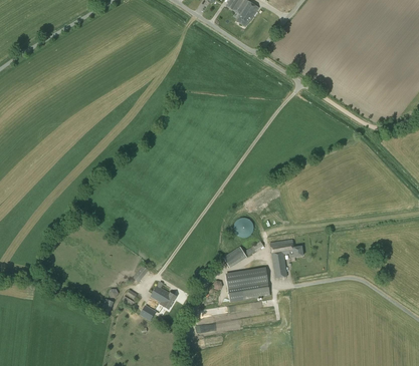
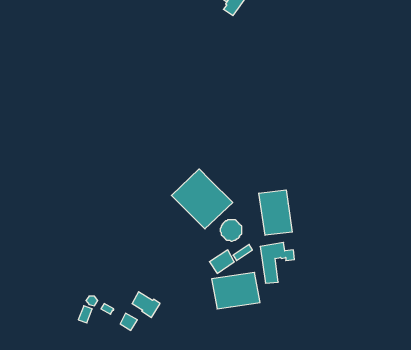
building: none -> [171,169,233,229]
building: none -> [259,190,292,235]

